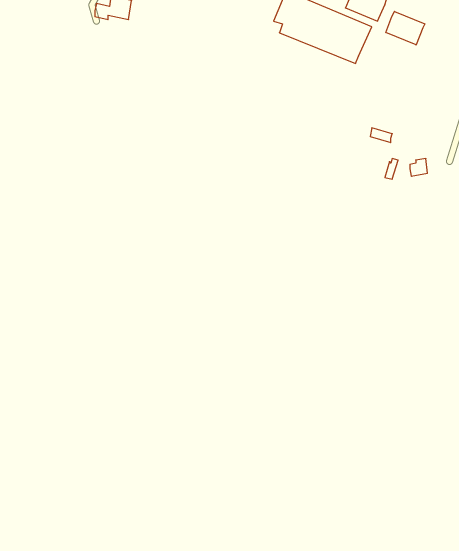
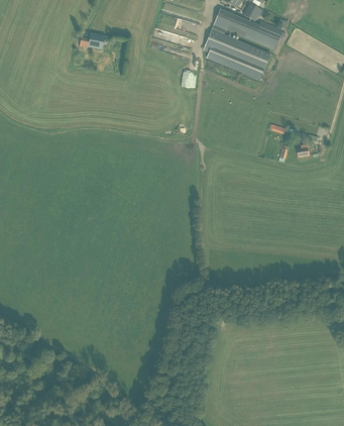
building: [386,11,425,45] -> none

